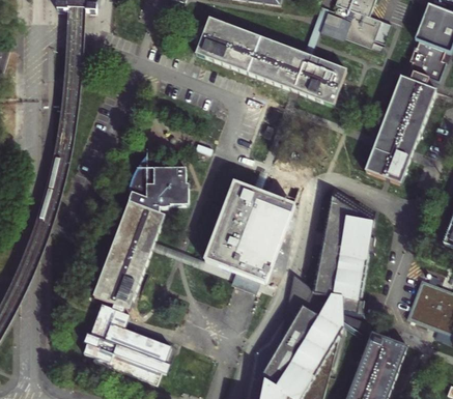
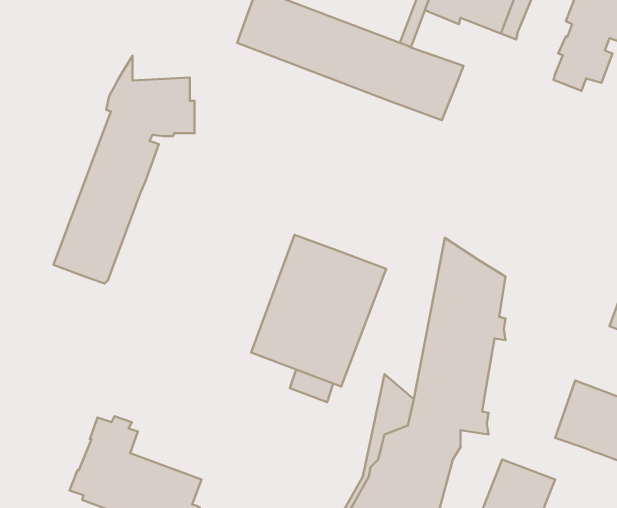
building: [365,76,436,182] -> none
building: [93,155,188,308] -> [53,56,195,283]

